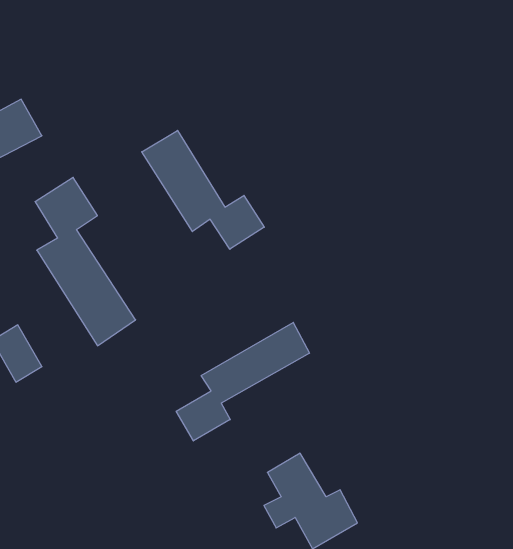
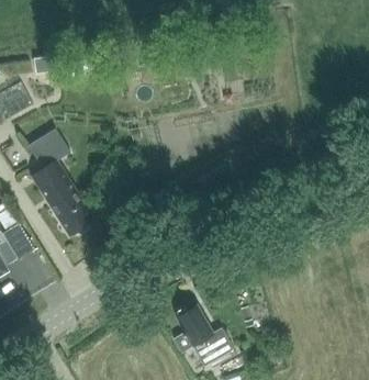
building: [142,130,264,249] -> none
building: [176,322,309,441] -> none

